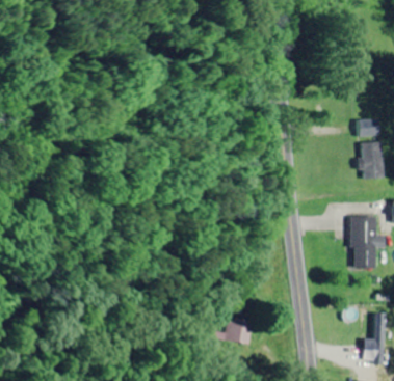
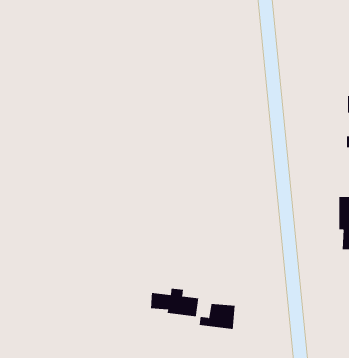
building: none -> [150,288,199,317]

